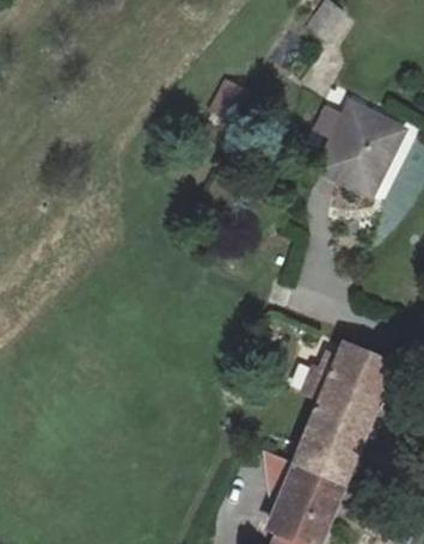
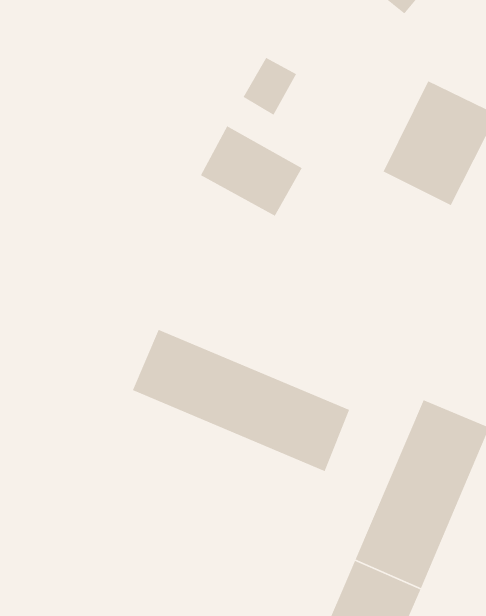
building: none -> [200,125,303,217]
building: none -> [132,329,350,472]

